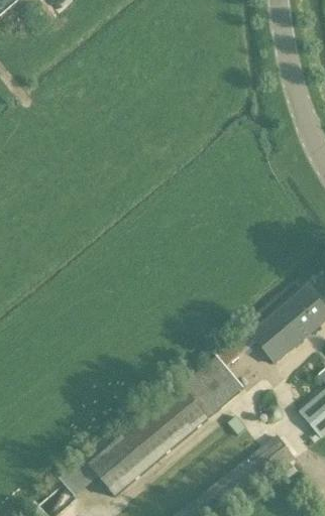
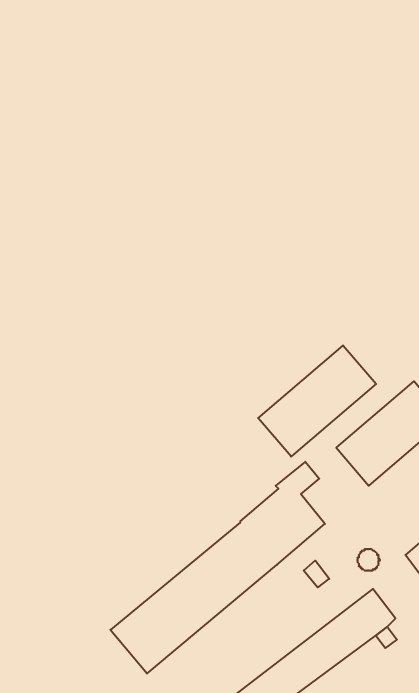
building: none -> [258,345,376,457]

